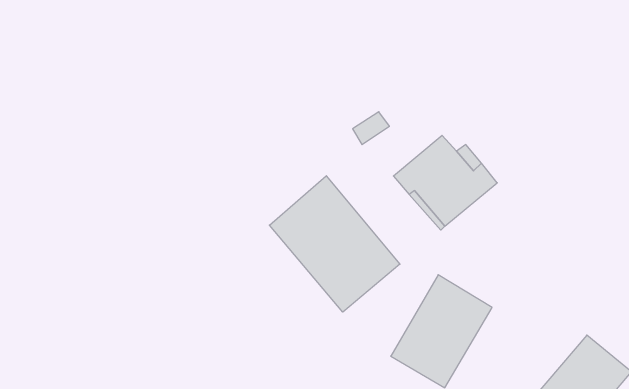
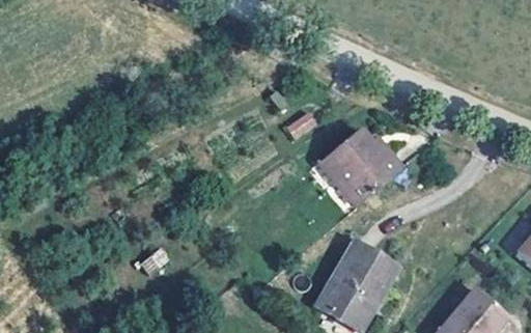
building: [269,176,400,312] -> none

